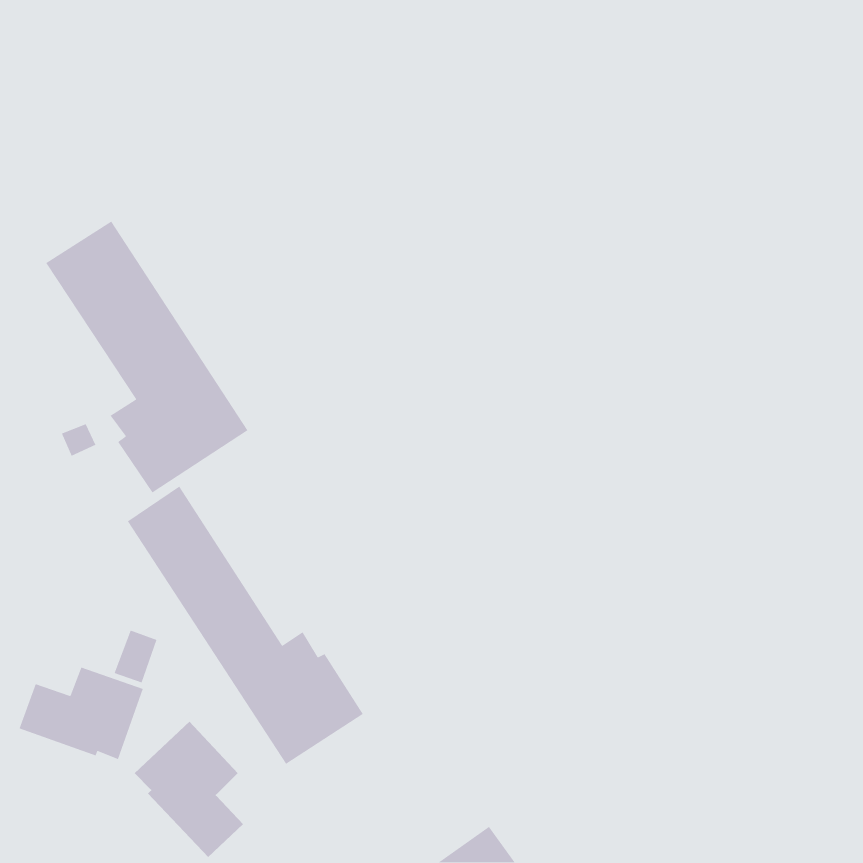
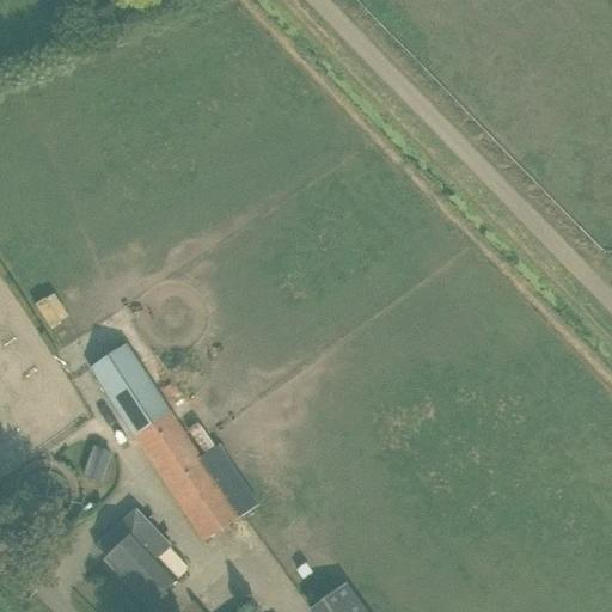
building: [45,221,249,494] -> none
building: [19,667,144,760] -> none

